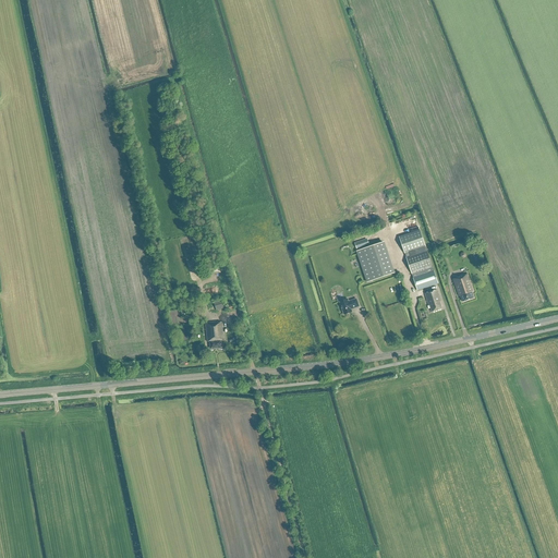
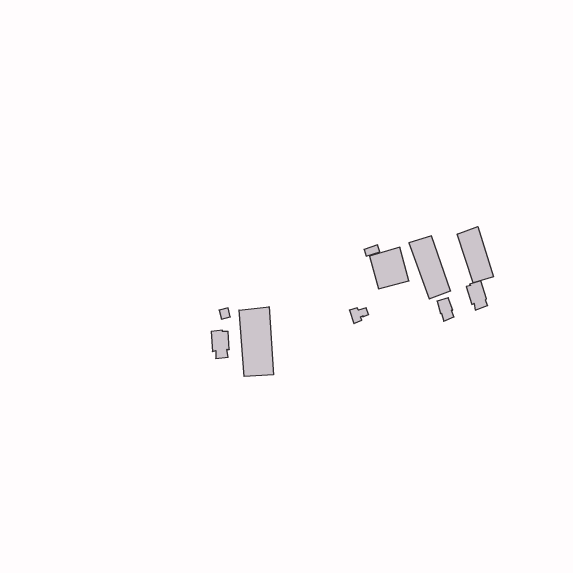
building: none -> [457,227,493,283]
building: none -> [239,307,273,376]

